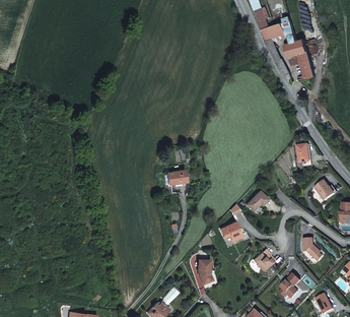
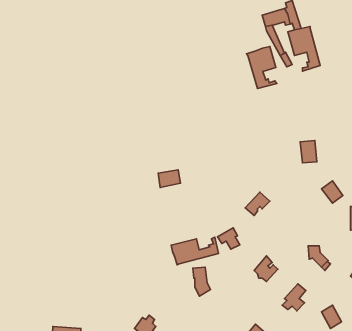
building: none -> [247,46,277,88]
building: none -> [171,237,218,265]

